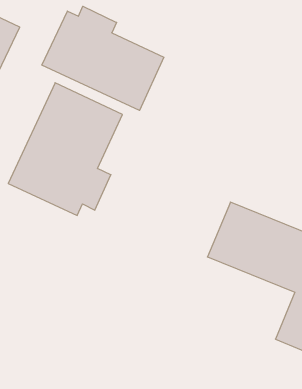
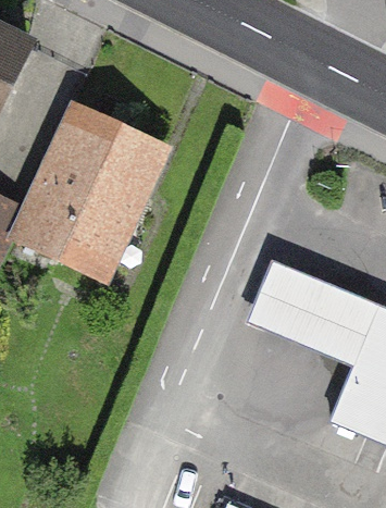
building: [42,6,164,110] -> none

